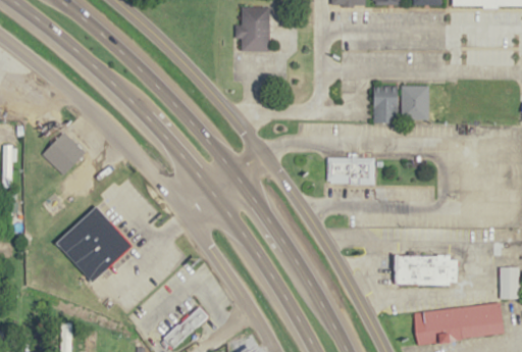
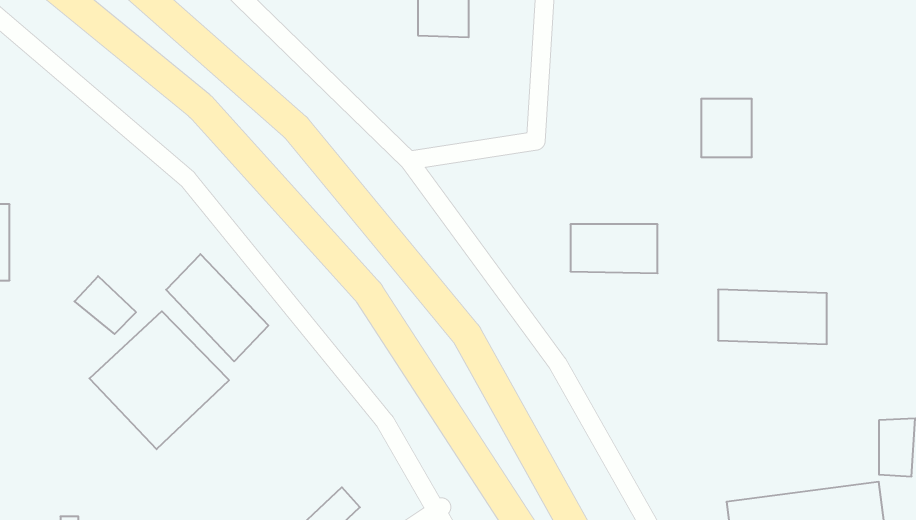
building: [372,88,398,123] -> none
building: [49,133,84,165] -> [74,276,136,334]
building: none -> [166,254,268,361]
building: [397,254,458,285] -> [718,290,827,344]

